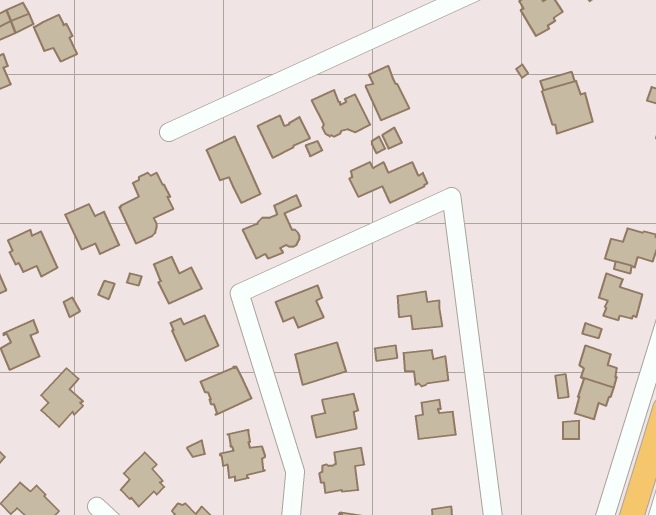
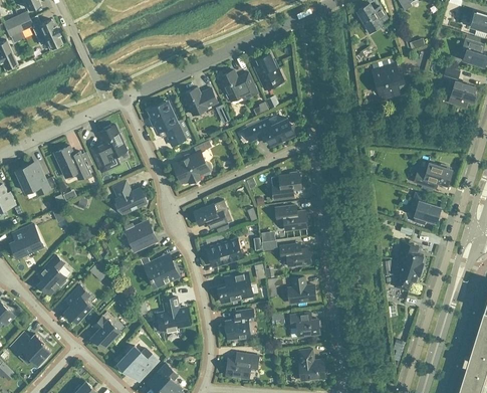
building: none -> [271,172,301,200]
building: none -> [64,285,91,323]
building: none -> [290,313,320,338]

